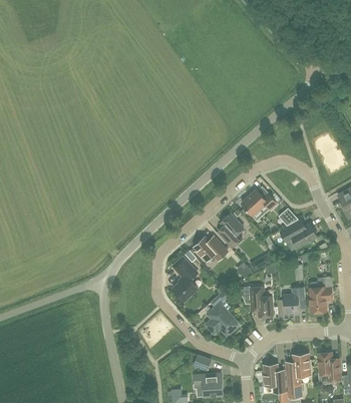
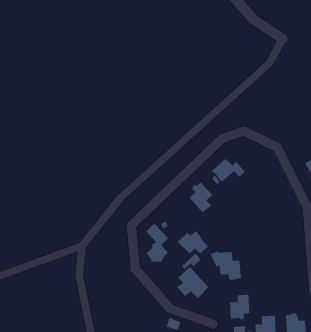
building: [280,220,317,247] -> none
building: [194,235,227,260] -> [177,230,209,254]
building: [309,282,332,314] -> none
building: [283,287,305,314] -> [229,294,250,320]

